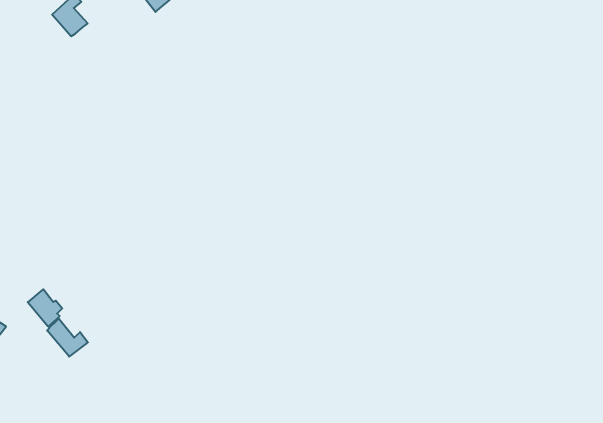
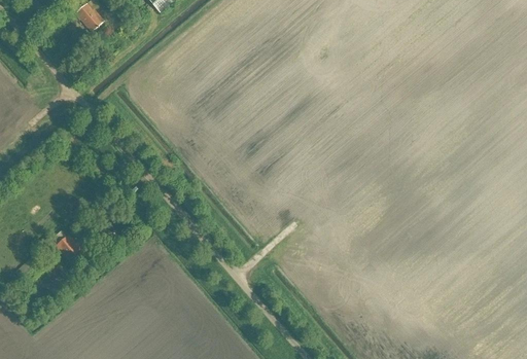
building: [47,319,88,357] -> none

